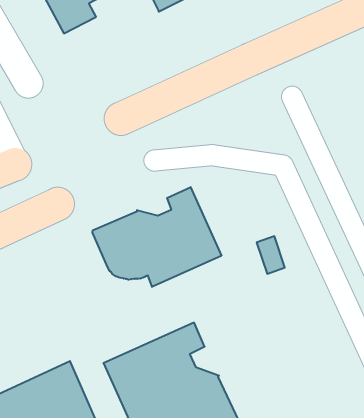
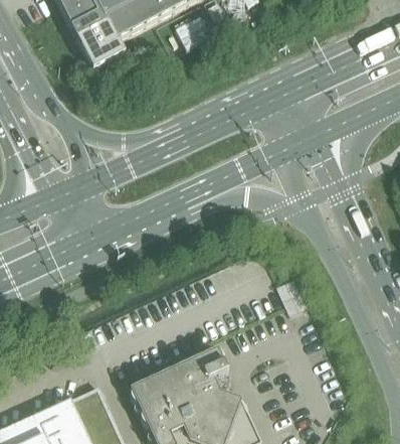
building: [93,187,221,287] -> none

